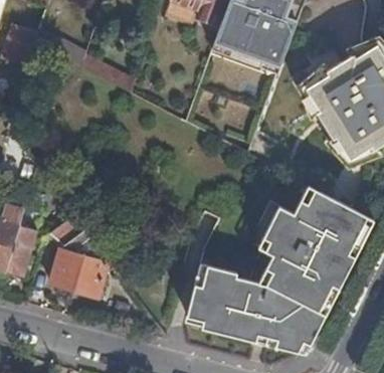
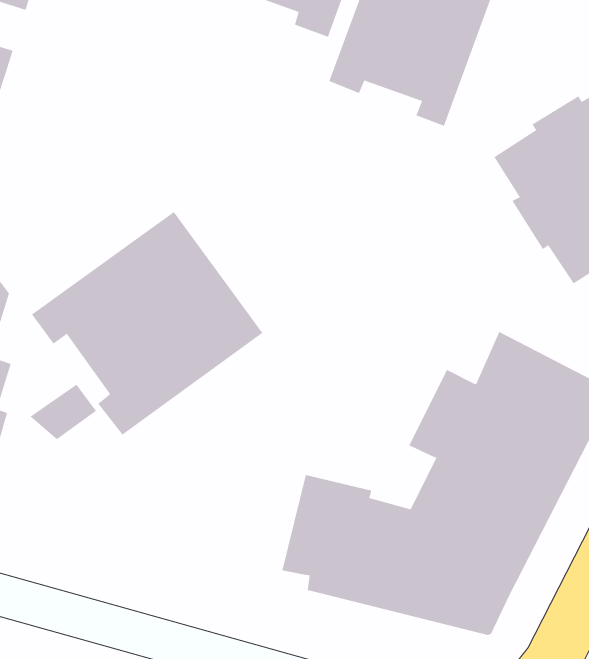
building: none -> [31,211,263,435]
building: [50,250,106,298] -> none

